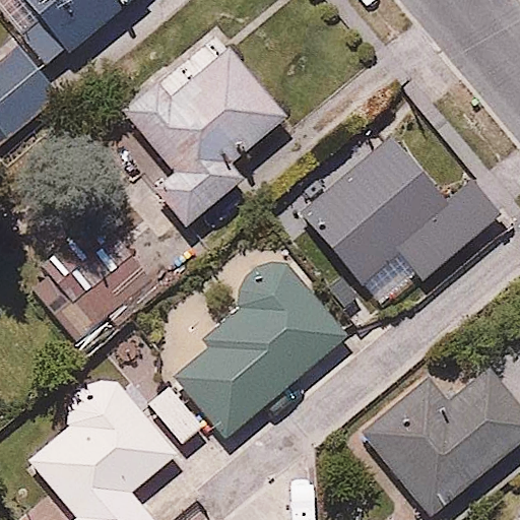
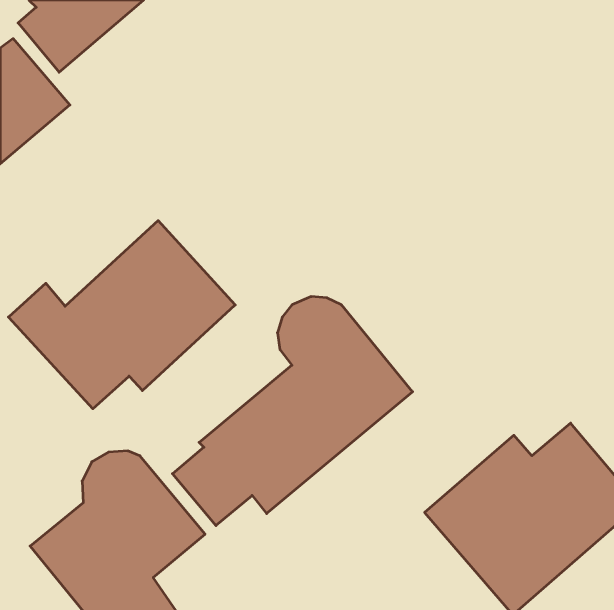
building: [118,23,288,221] -> none
building: [295,112,509,302] -> none

